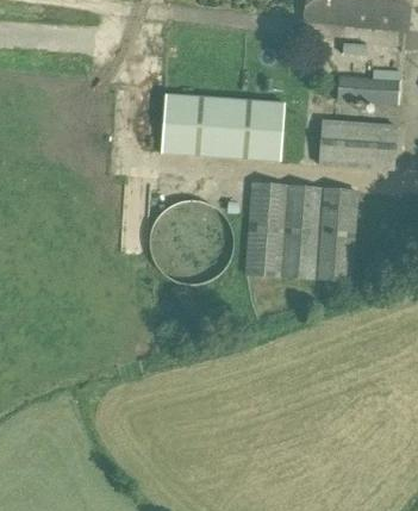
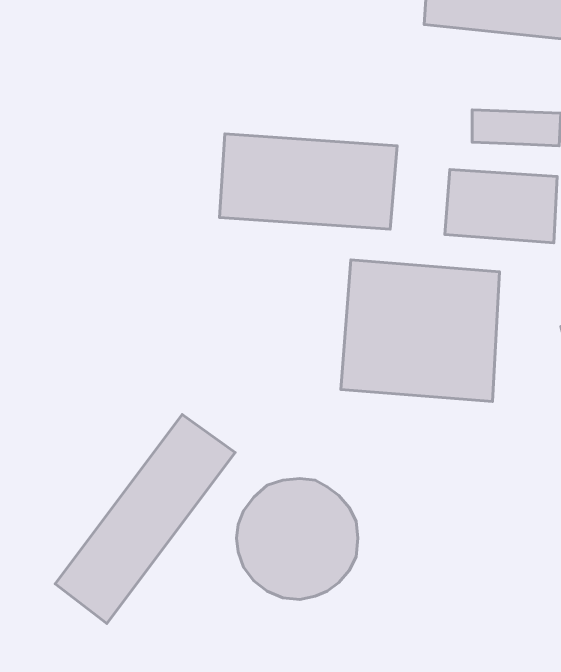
building: [146,200,231,285] -> [237,478,358,600]
building: none -> [55,414,235,624]

